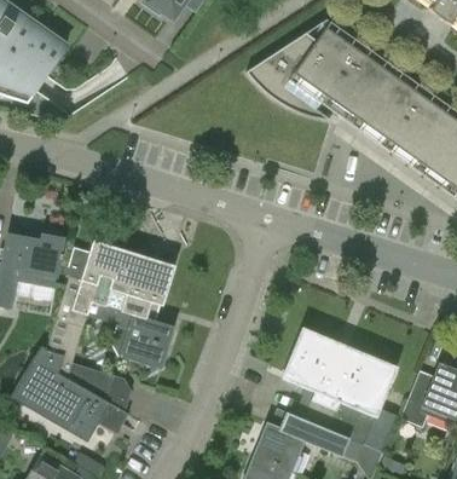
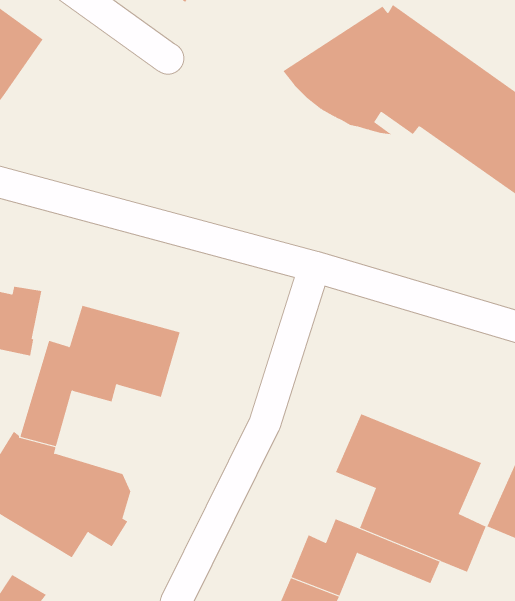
building: [110,310,174,369] -> none

